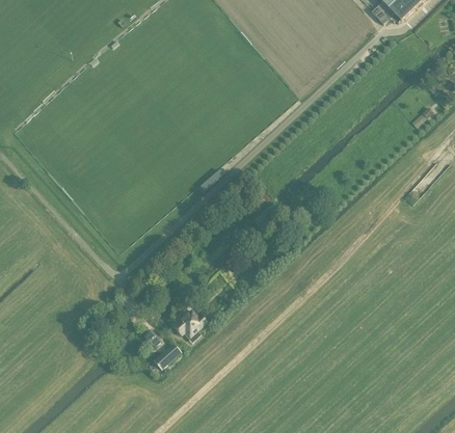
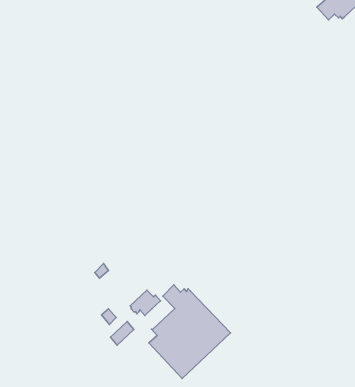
building: none -> [149,285,230,378]

